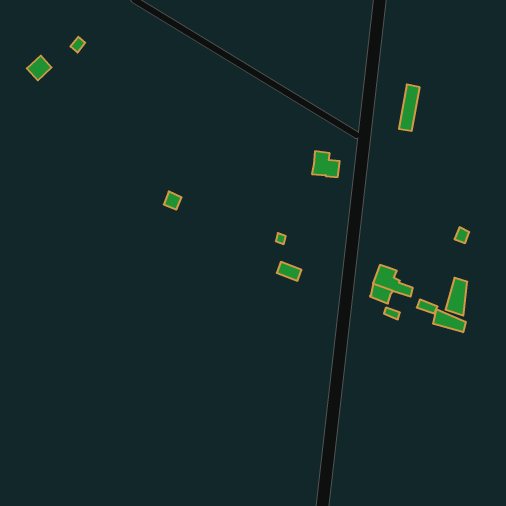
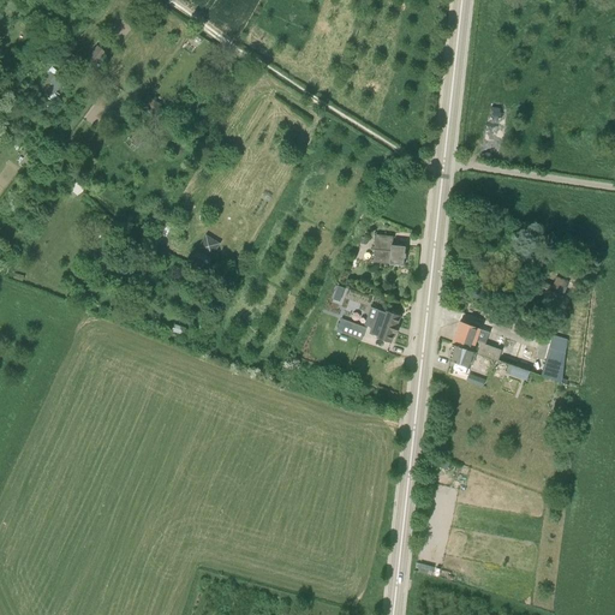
building: [312,151,340,177] -> [371,233,405,264]
building: none -> [363,306,400,342]
building: [433,309,466,332] -> none

